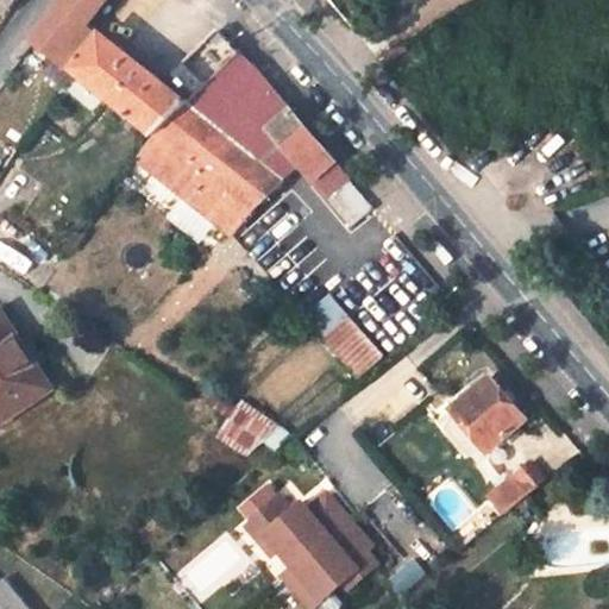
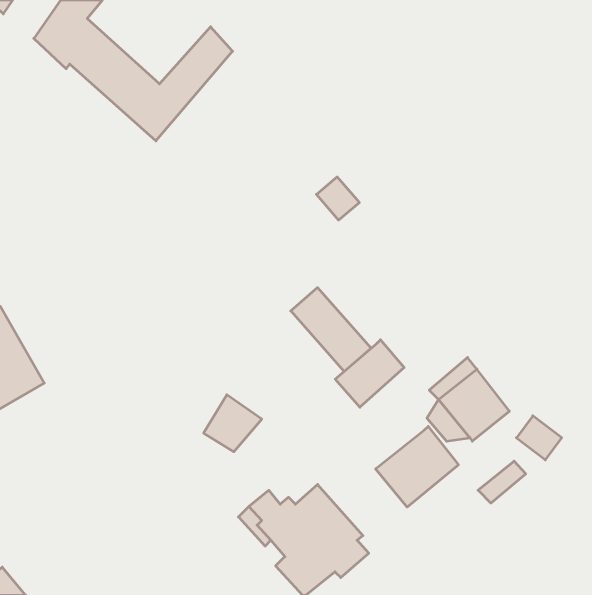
building: [143,52,329,237] -> none
building: none -> [335,340,404,407]
building: none -> [376,426,458,507]

